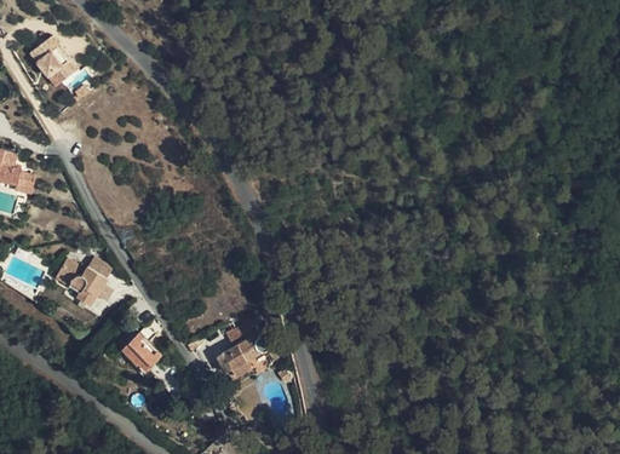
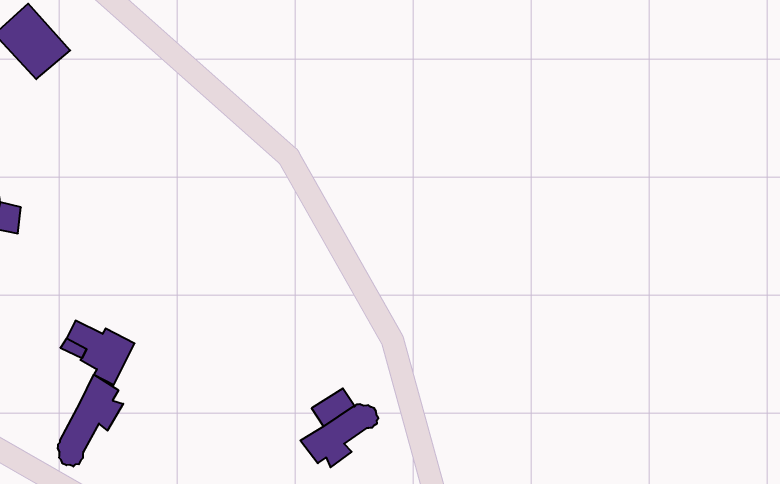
building: none -> [58,374,123,467]
building: [122,327,161,372] -> none

